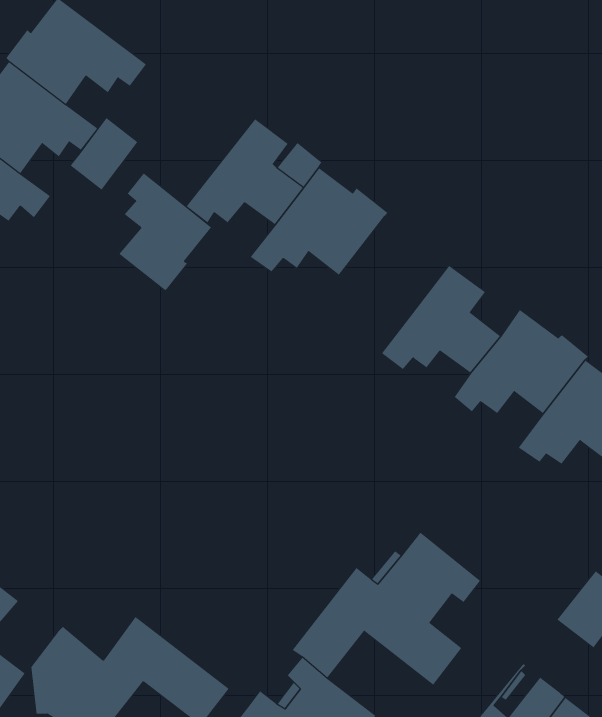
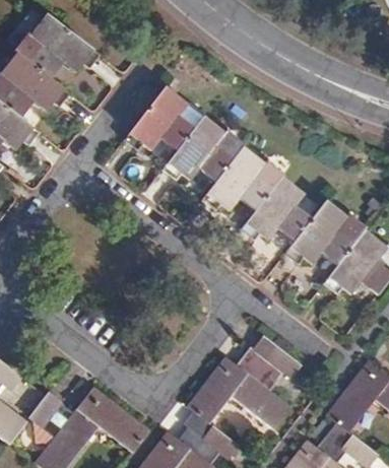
building: [70,117,138,190] -> none
building: [119,172,212,291] -> none
building: none -> [202,146,283,210]
building: none -> [326,389,369,432]

